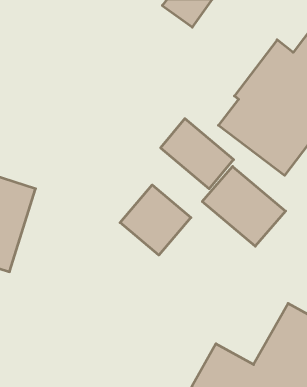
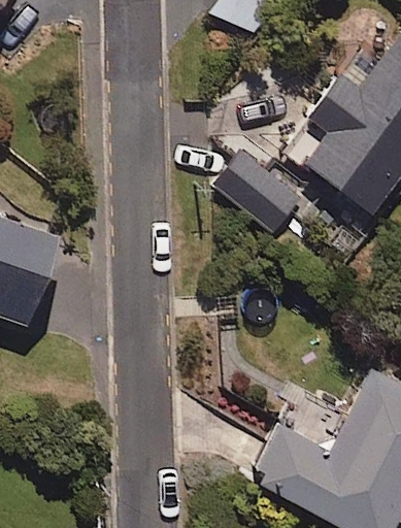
building: [202,166,286,246] -> none
building: [120,185,191,255] -> none

